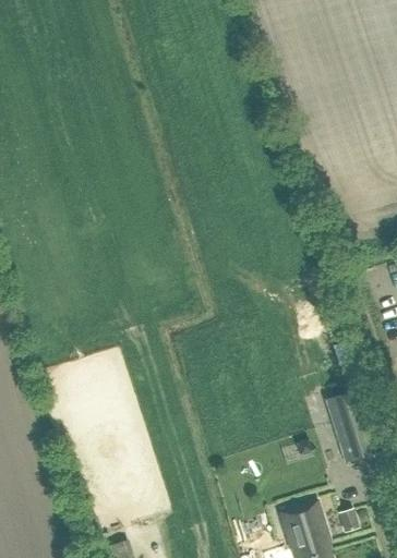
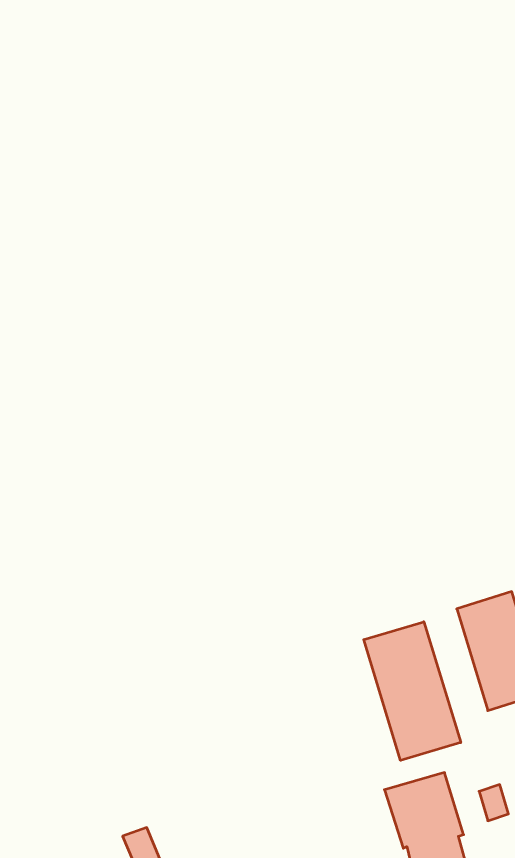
building: none -> [364,622,461,760]

